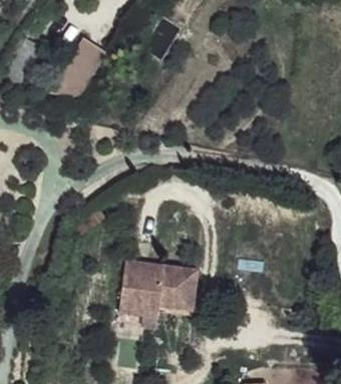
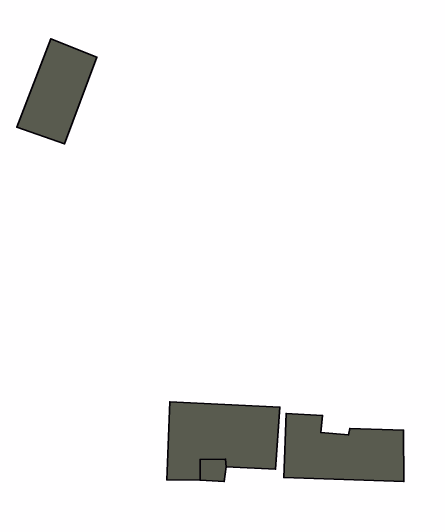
building: none -> [284,413,404,481]

